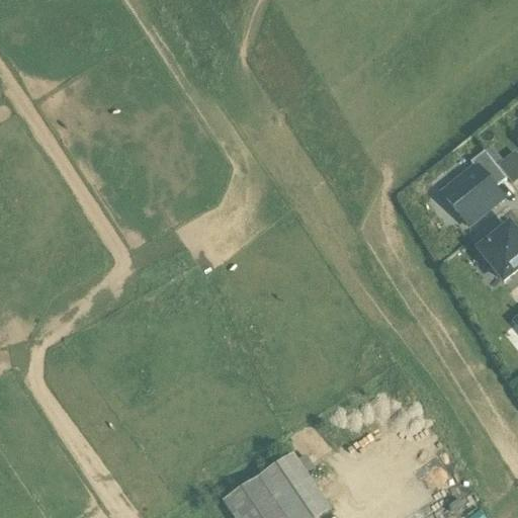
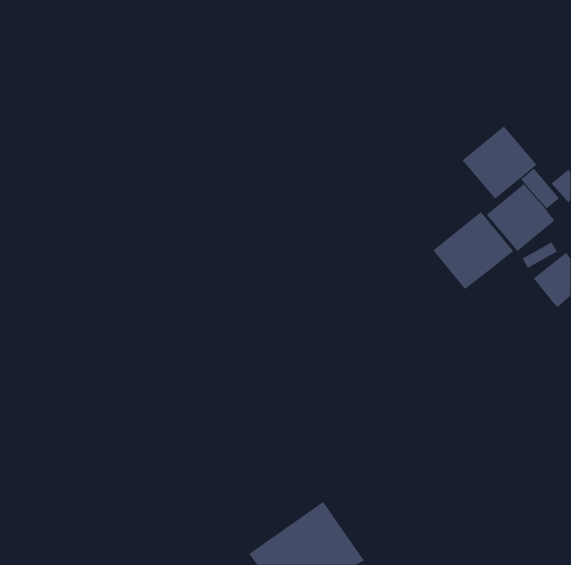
building: none -> [462,126,537,199]
building: none -> [432,211,514,290]

